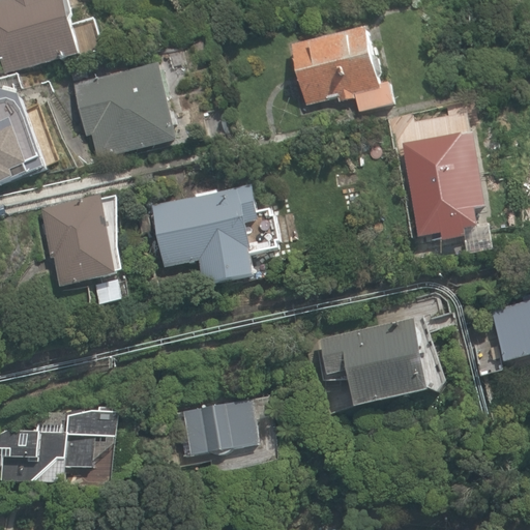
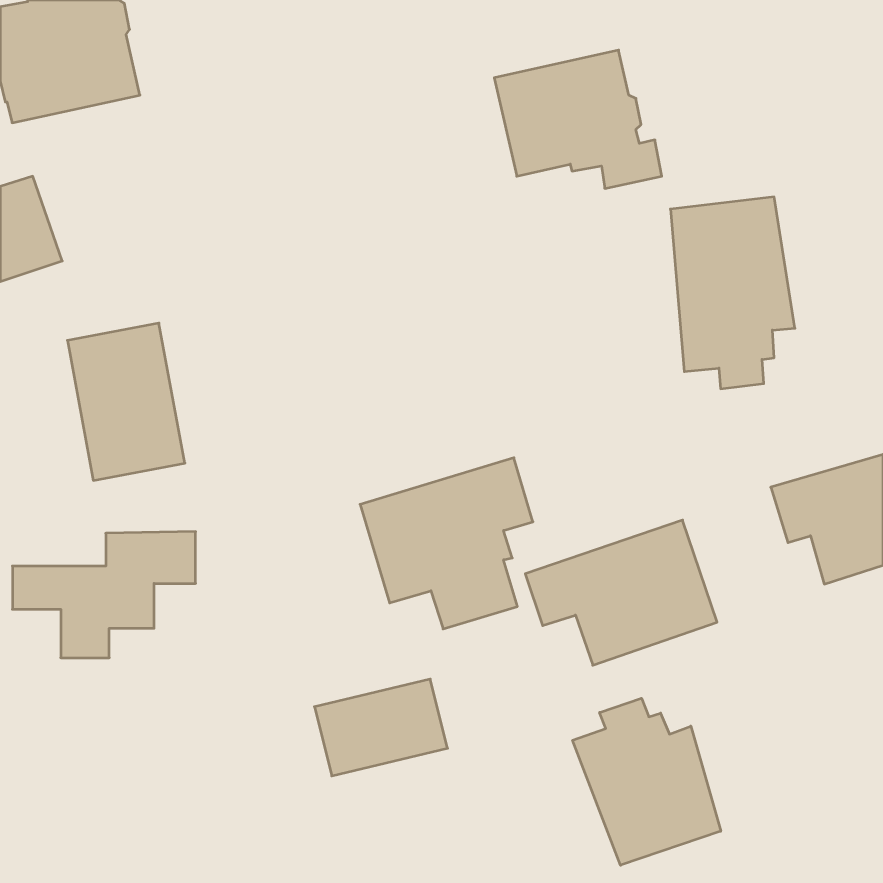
building: [66,53,173,159] -> none
building: [153,175,257,277] -> [360,458,533,629]
building: [17,415,126,491] -> [12,532,196,658]
building: none -> [573,698,721,865]

